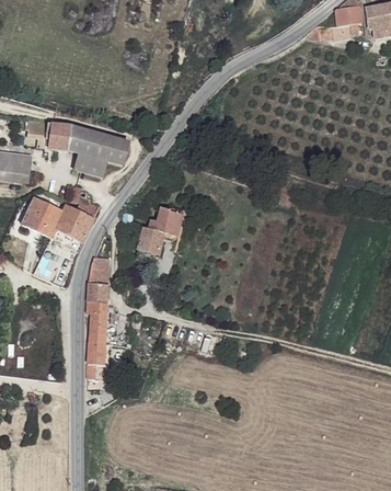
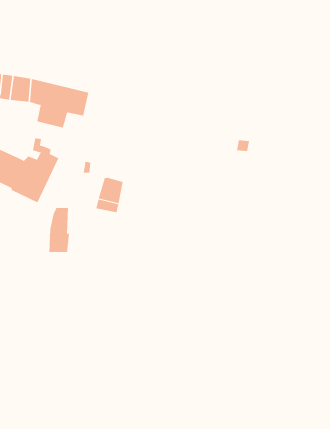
building: [149,207,184,235] -> none
building: [87,304,107,378] -> none

